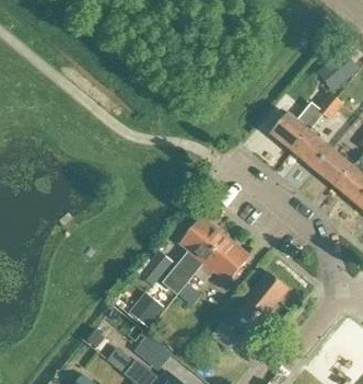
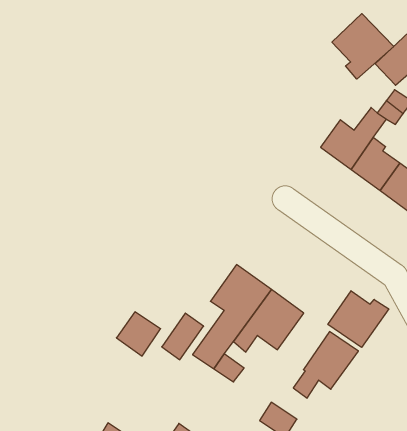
building: none -> [332,14,394,79]
building: none -> [328,291,389,347]
building: [129,294,163,328] -> [116,312,161,356]

